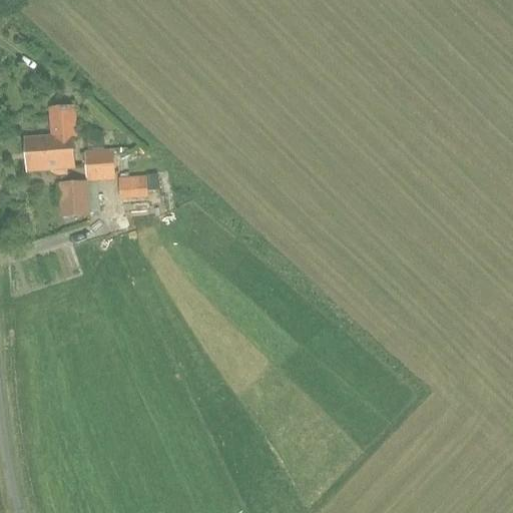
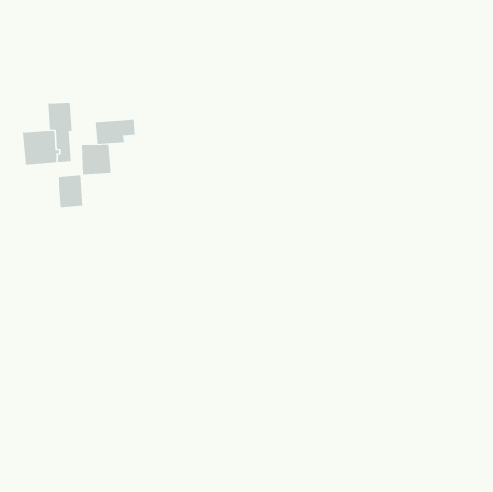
building: [117,173,159,199] -> [95,119,135,144]

